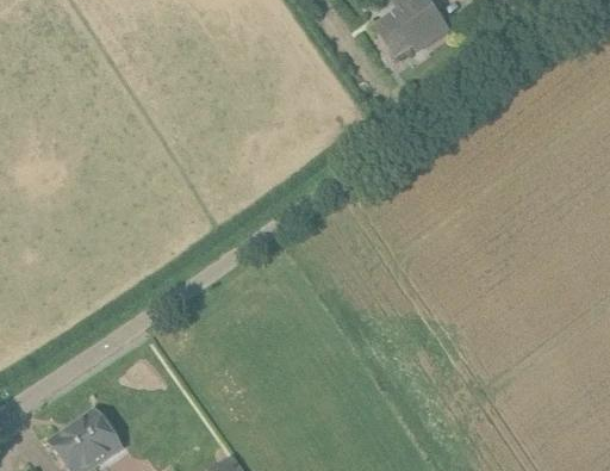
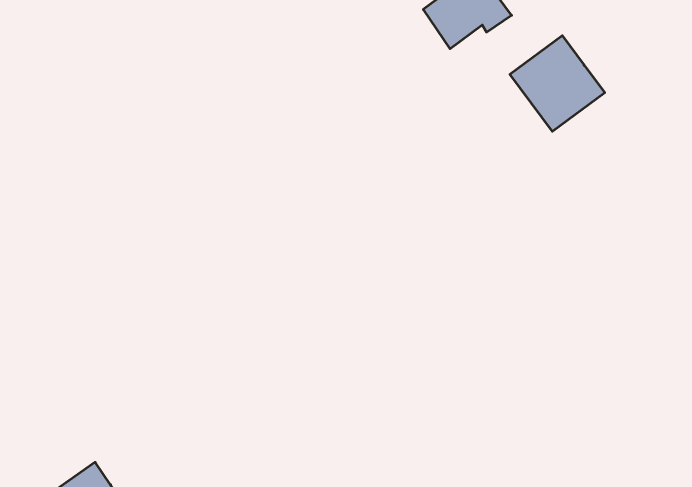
building: none -> [510,36,605,131]

